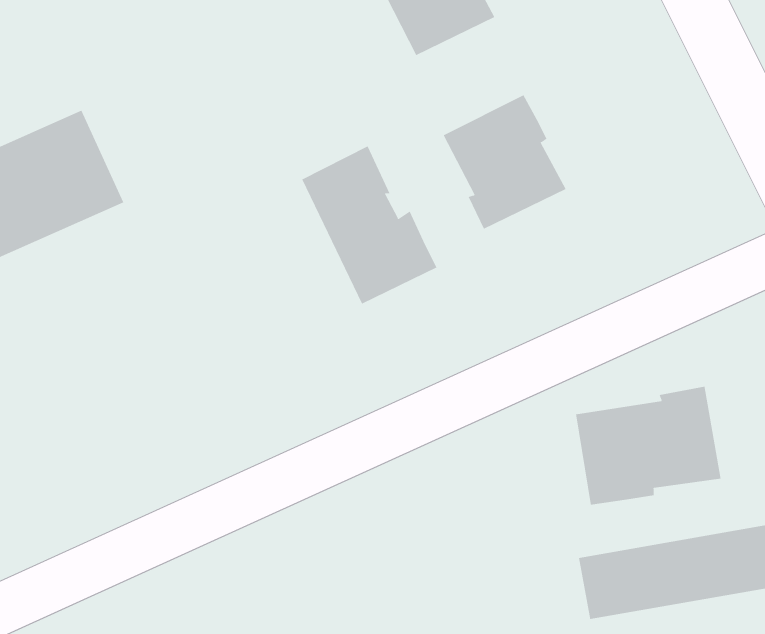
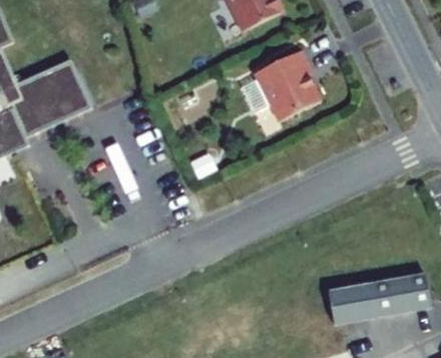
building: [301,146,437,305] -> none
building: [575,386,721,505] -> none

